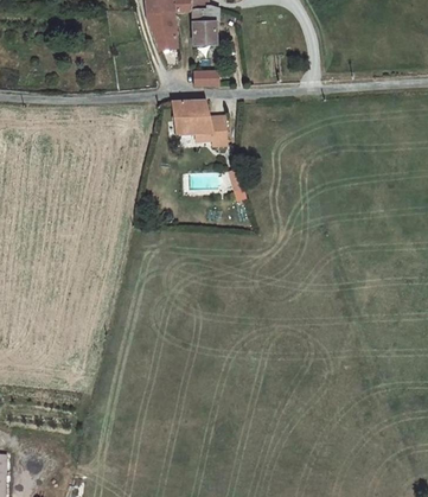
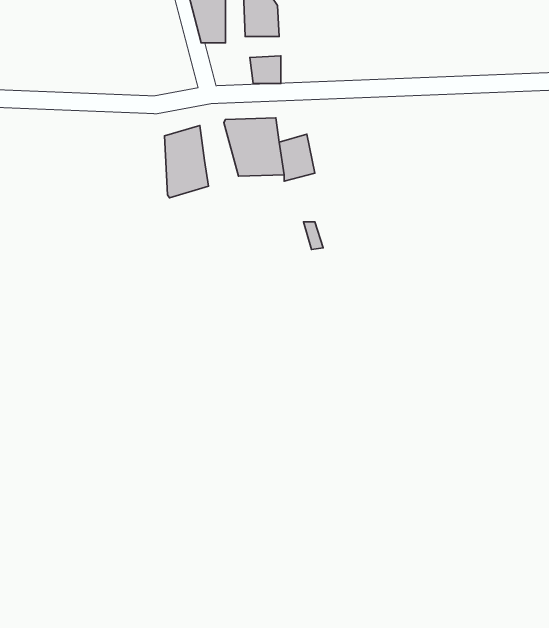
building: none -> [165,126,208,198]

